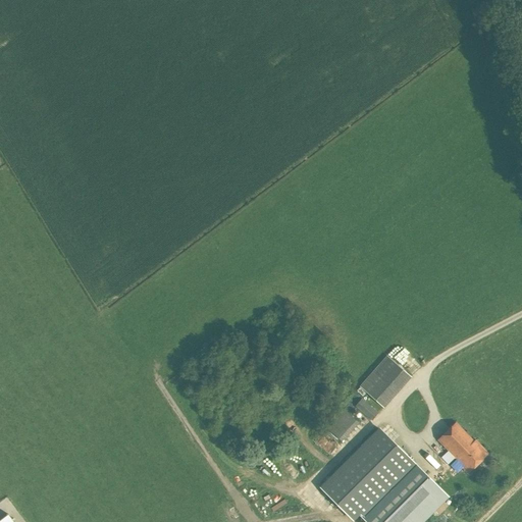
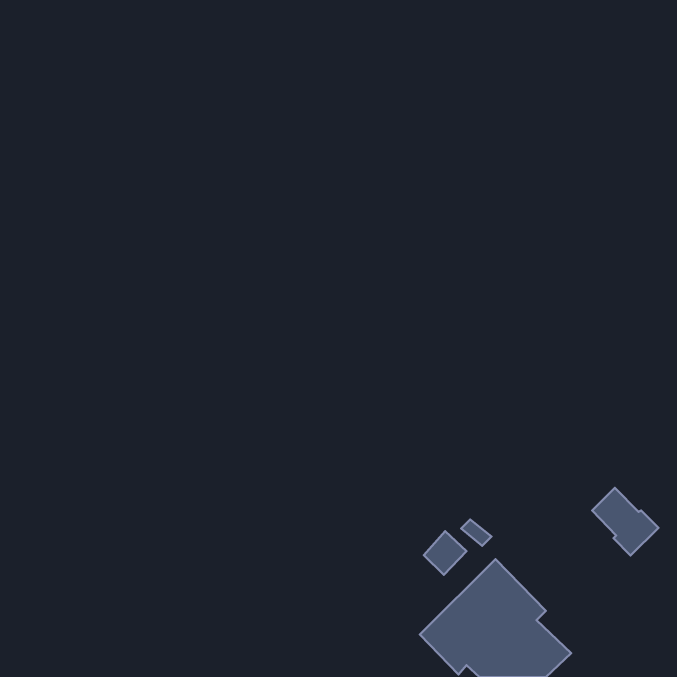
building: [359,356,411,408] -> none
building: [438,423,489,475] -> [592,488,658,556]

